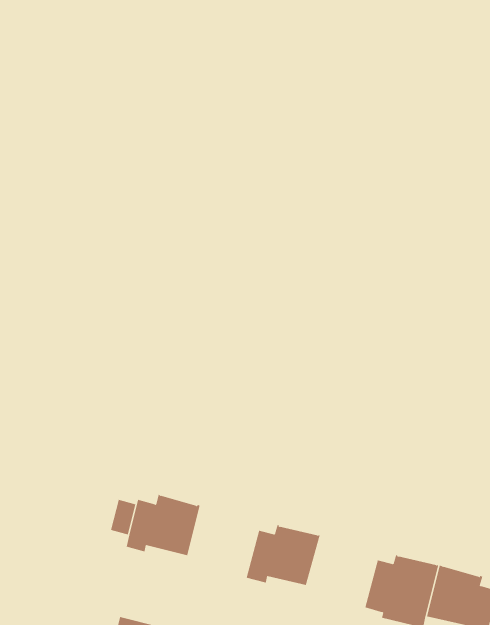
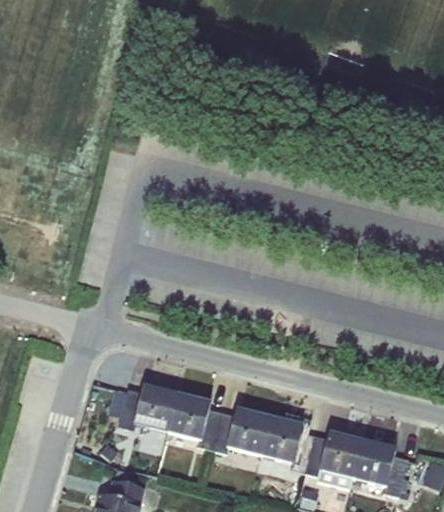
building: none -> [168,393,223,449]
building: none -> [260,416,315,472]

